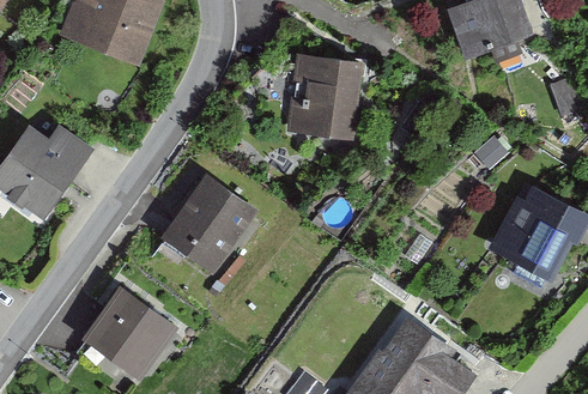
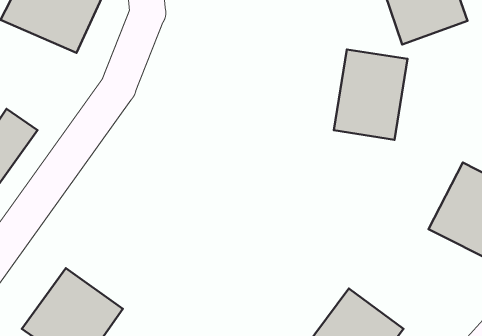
building: [283,49,357,140] -> [334,49,408,140]
building: [153,171,259,279] -> none

